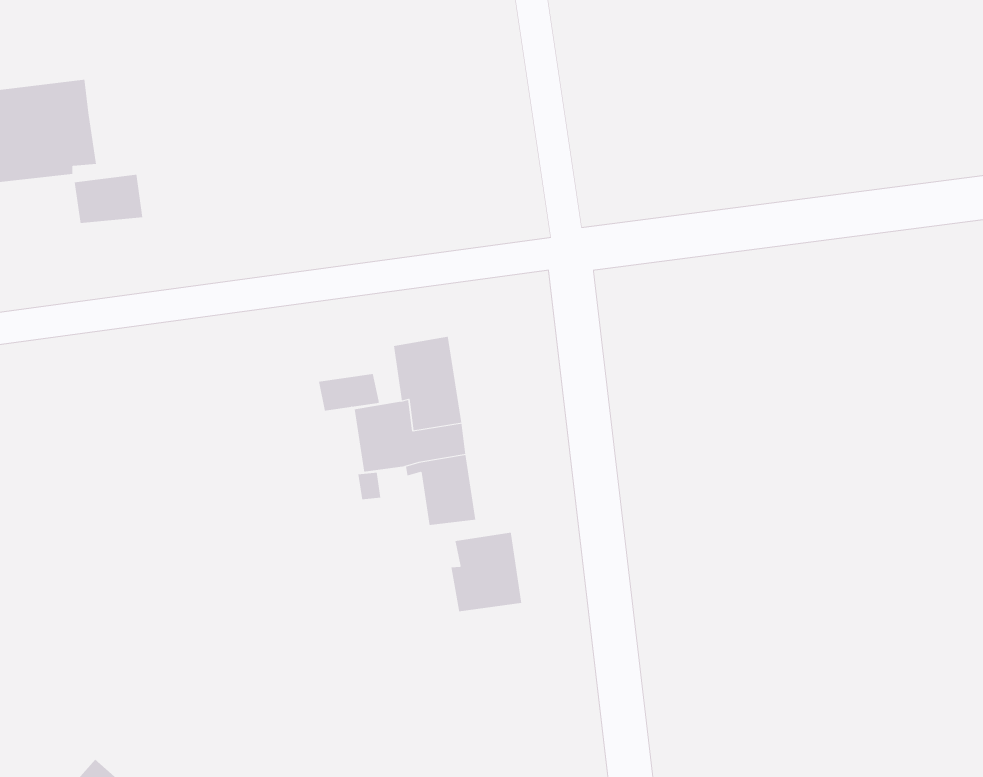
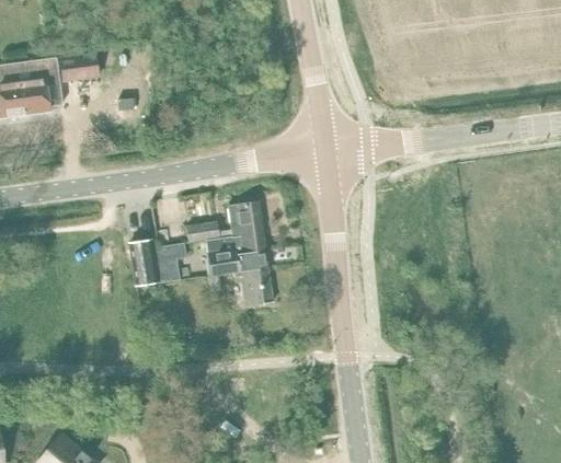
building: [74,174,143,224] -> [59,53,98,80]
building: none -> [129,240,186,286]
building: [451,532,522,612] -> none

